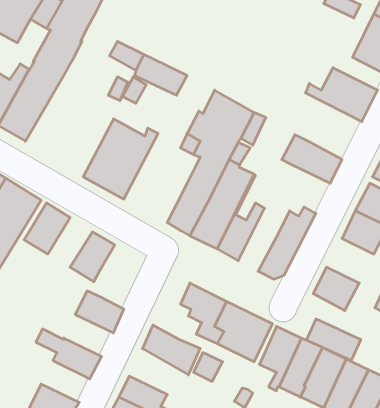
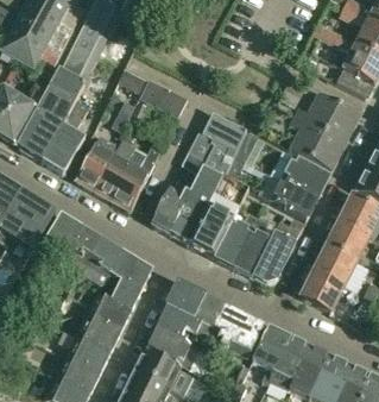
building: none -> [42,100,88,170]
building: none -> [290,113,346,167]
building: none -> [76,134,118,189]
building: none -> [272,178,317,218]
building: none -> [151,186,188,231]
building: none -> [234,218,271,275]
building: none -> [62,226,102,271]
building: none -> [314,245,356,285]
building: none -> [109,251,151,309]
building: none -> [157,279,201,337]
building: none -> [76,314,121,352]
building: [307,319,361,361] -> none
building: none -> [135,350,196,388]
building: none -> [56,356,100,394]

